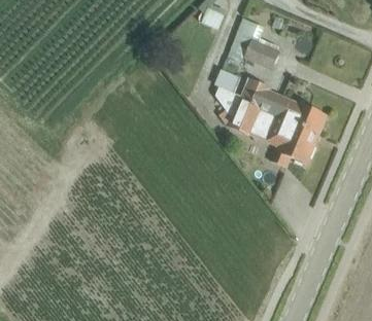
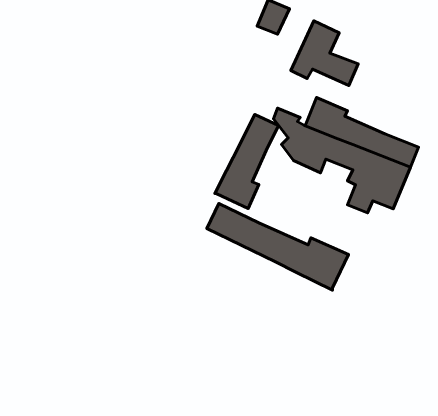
building: none -> [215,114,279,209]
building: none -> [207,204,348,290]

